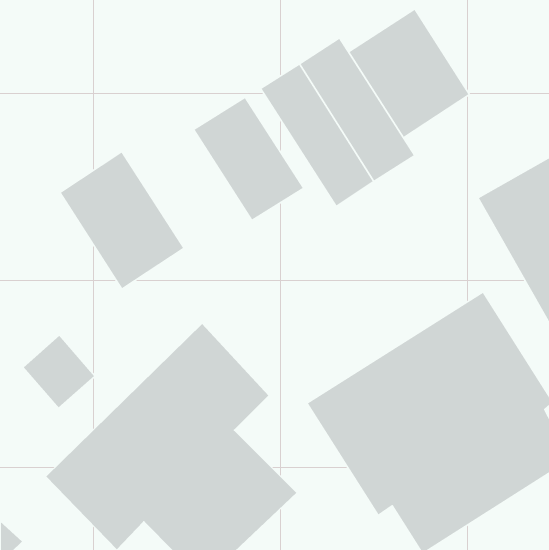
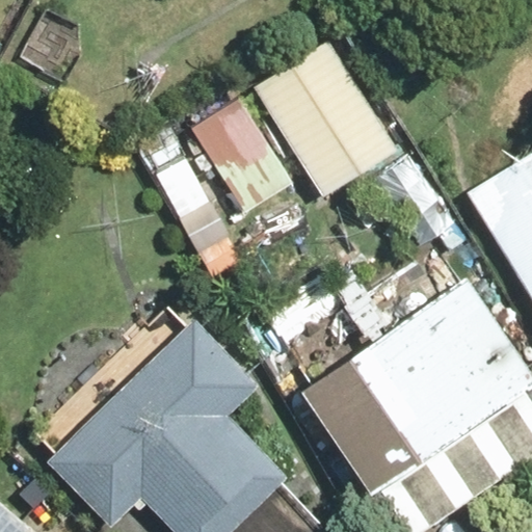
building: [349,9,470,138] -> none
building: [60,151,184,289] -> none

